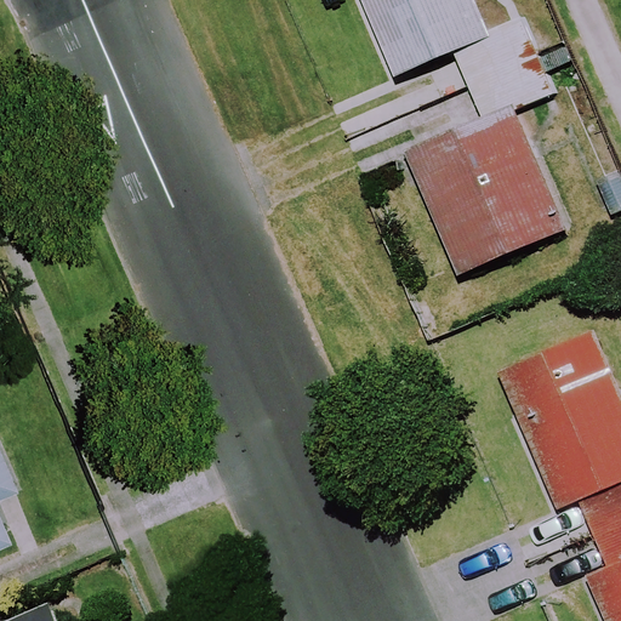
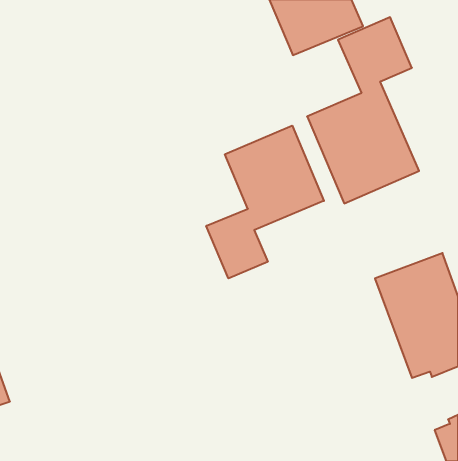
building: none -> [206,126,324,278]

